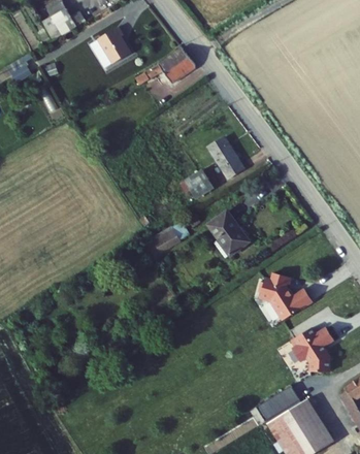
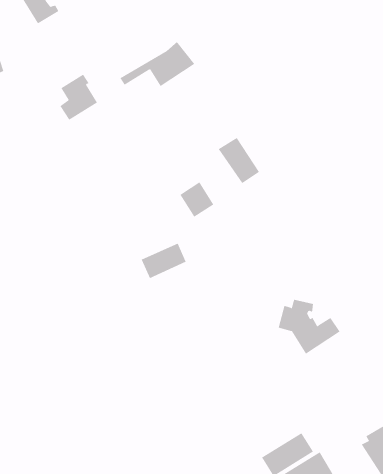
building: [101,26,134,66] -> [59,74,98,121]
building: [208,207,250,252] -> none
building: [295,327,336,371] -> none

